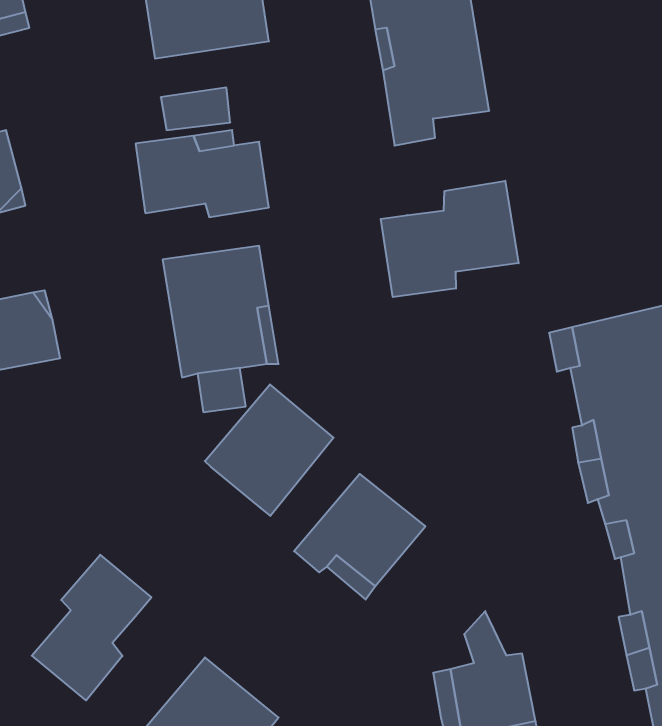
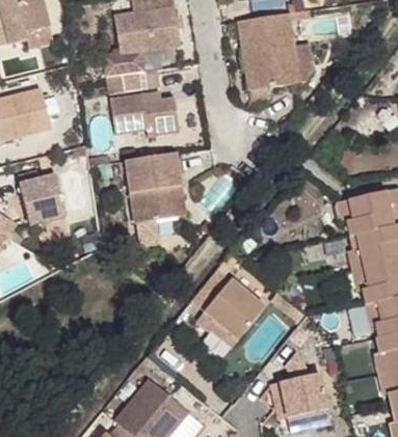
building: [381,181,519,297] -> none
building: [205,384,334,516] -> none
building: [32,555,151,700] -> none

